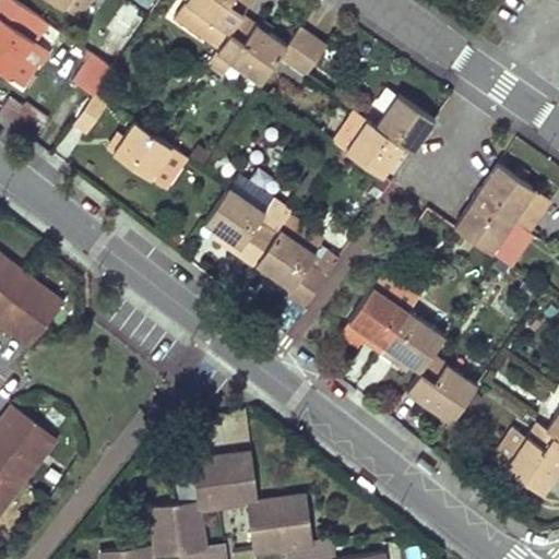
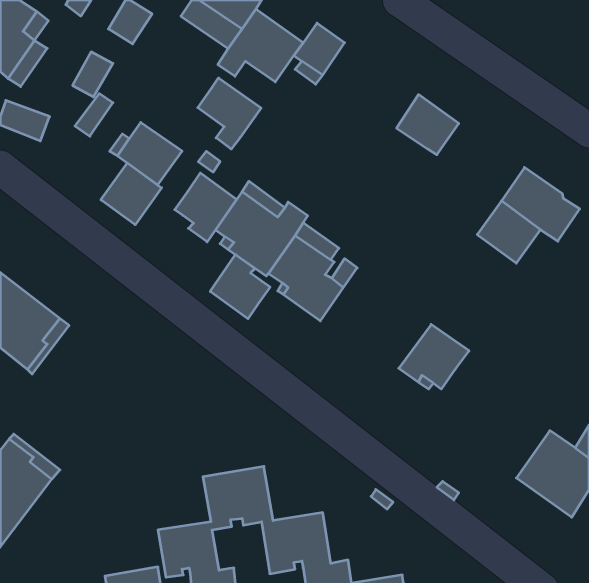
building: none -> [198,78,261,149]
building: [331,111,405,180] -> none
building: none -> [101,163,162,225]
building: none -> [175,173,237,242]
building: [489,224,532,270] -> none
building: none -> [210,255,270,319]
building: [338,288,408,355] -> none
building: [406,356,476,424] -> none

